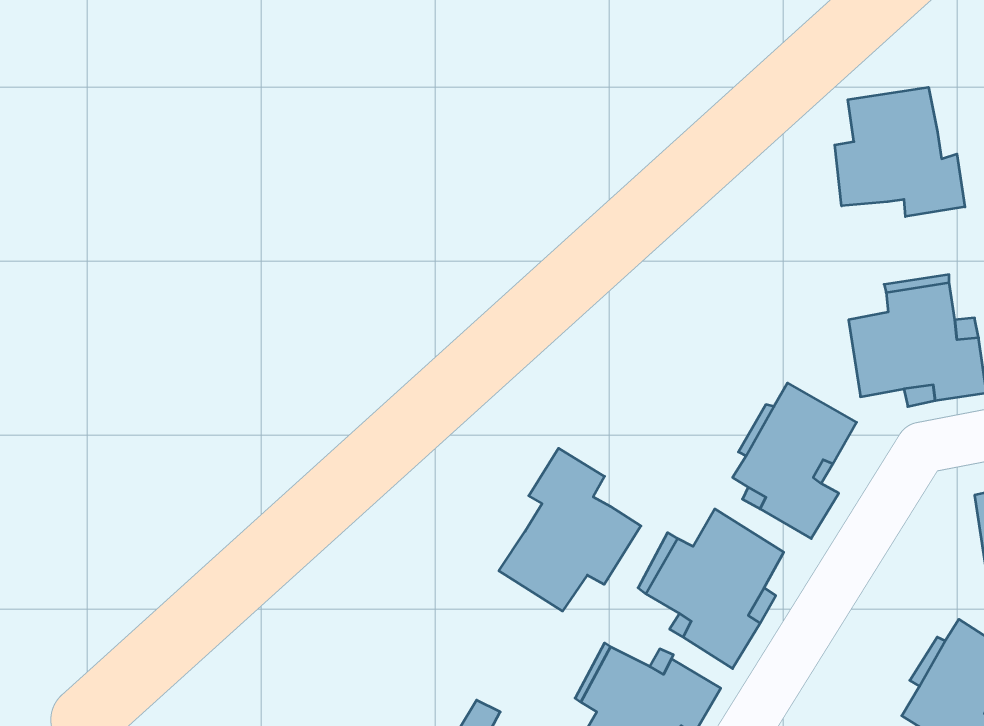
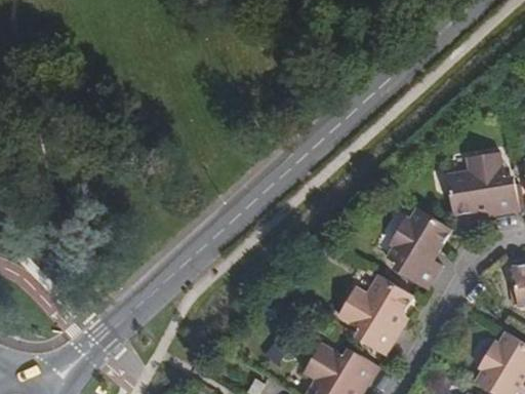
building: [835,87,965,217] -> none
building: [499,448,641,611] -> none

